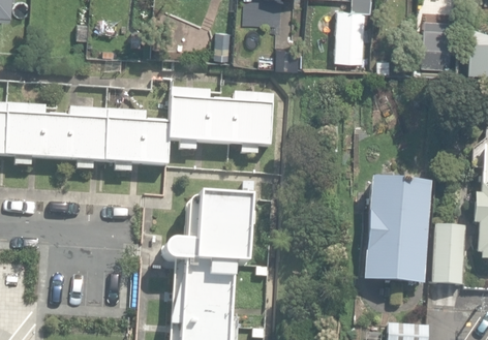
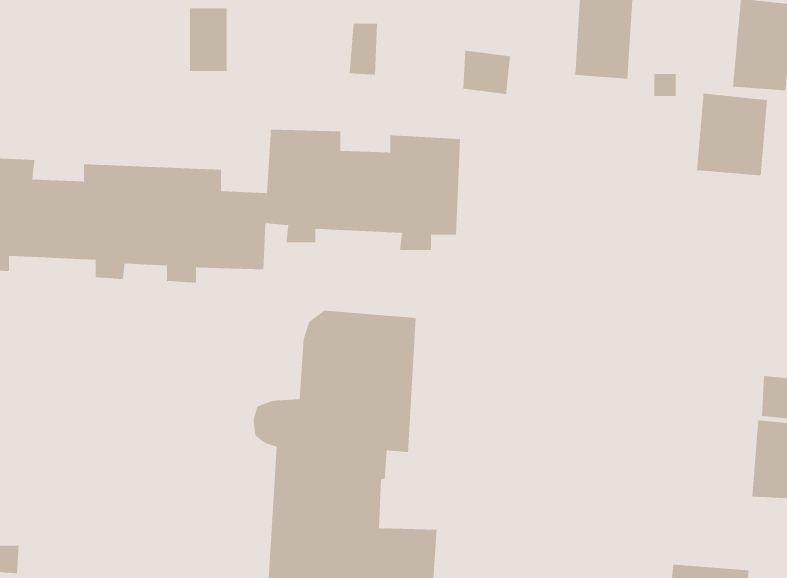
building: none -> [696,93,768,176]
building: [363,180,431,284] -> none

